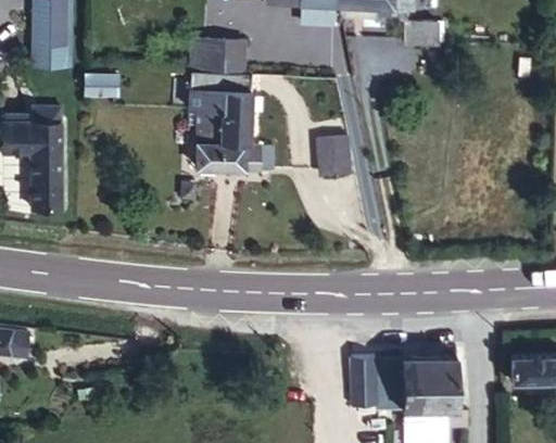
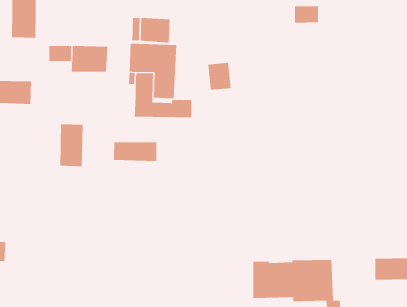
building: none -> [71,45,108,72]
building: [318,138,350,175] -> [207,62,231,90]
building: [30,152,62,208] -> [59,124,83,167]
building: none -> [114,141,157,162]

